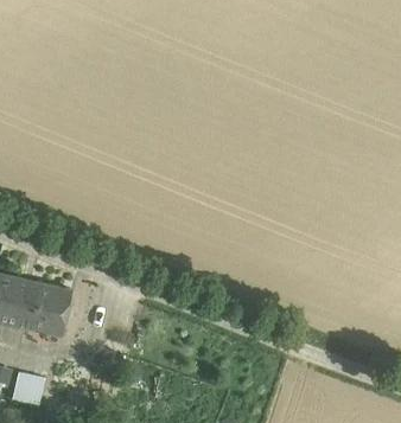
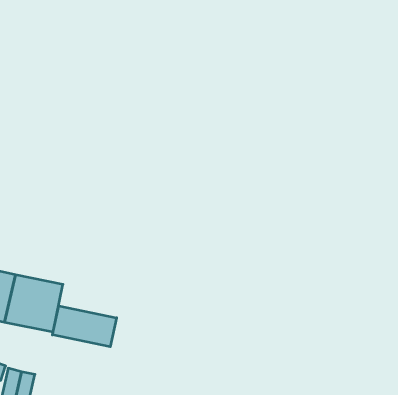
building: none -> [52,306,117,347]

